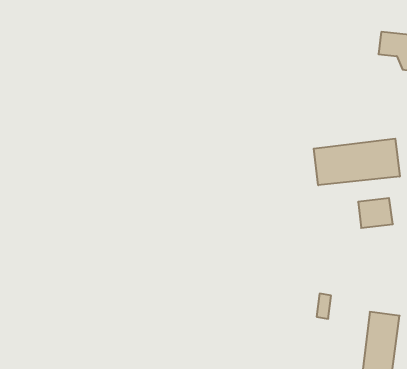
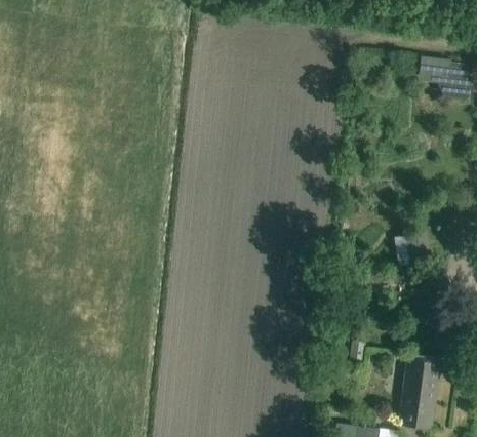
building: [314,139,400,185] -> none

